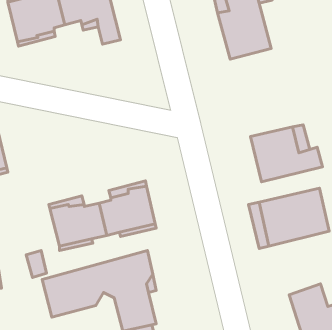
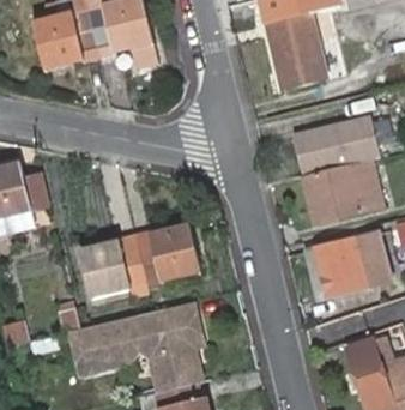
building: none -> [289,114,374,171]

